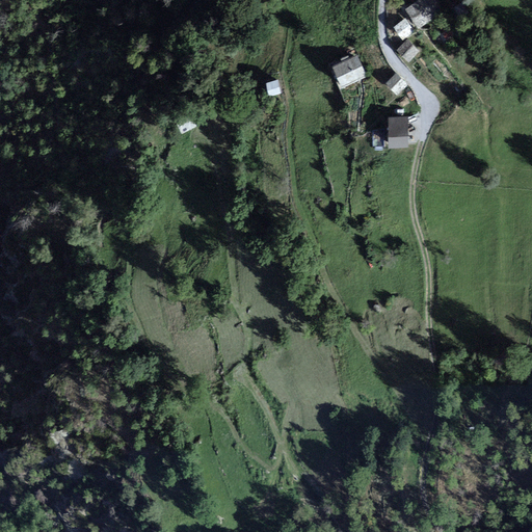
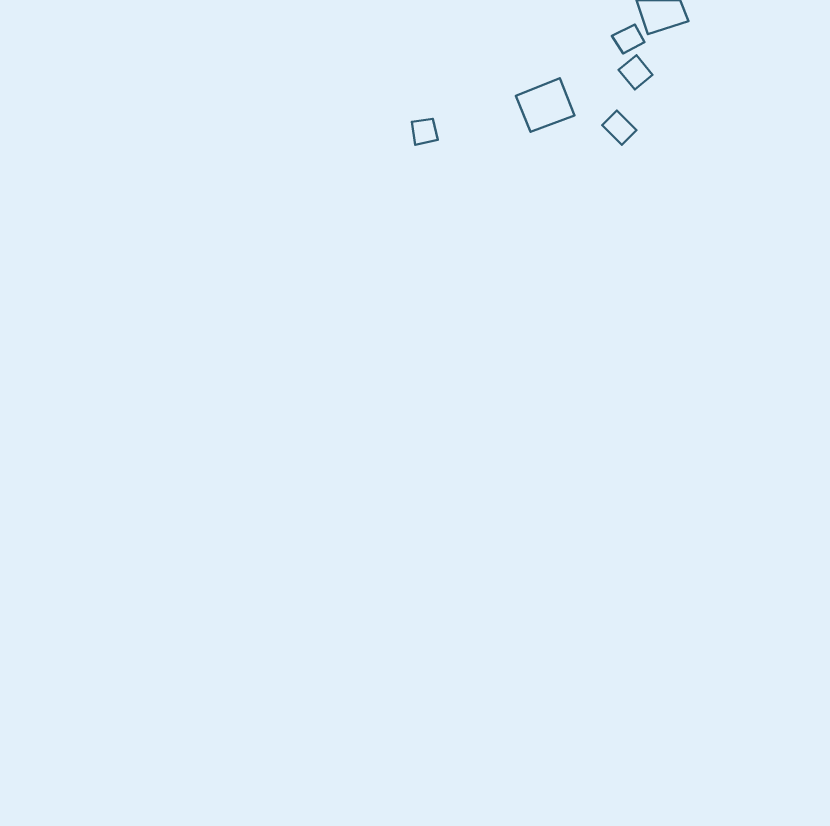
building: [384,115,407,145] -> none

